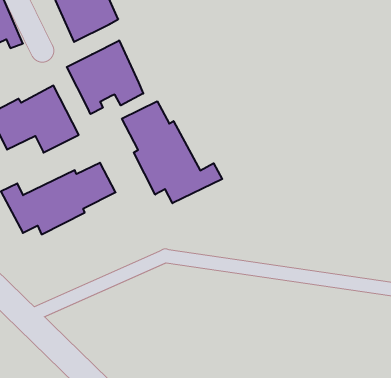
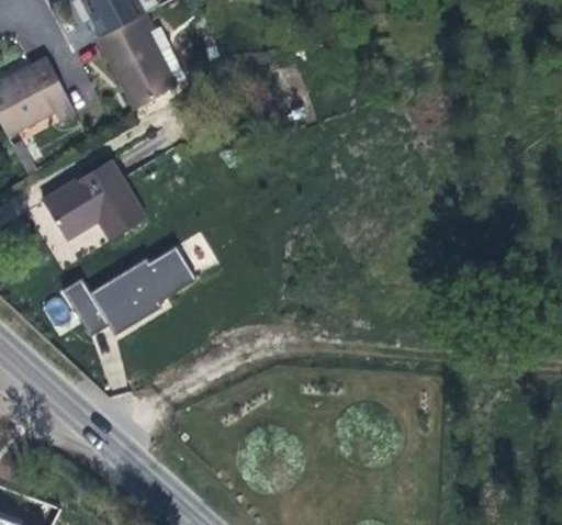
building: [67,40,143,114] -> none
building: [122,101,222,203] -> none

